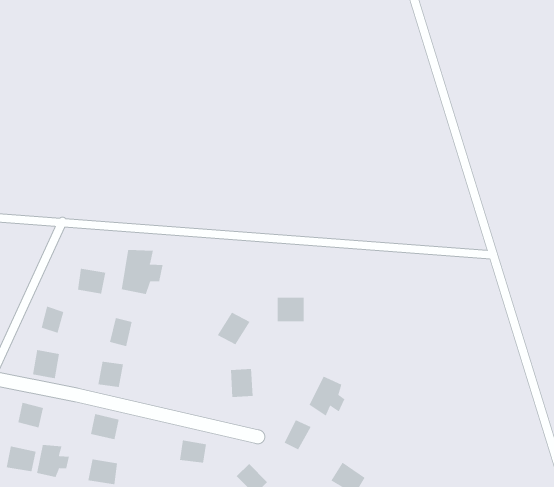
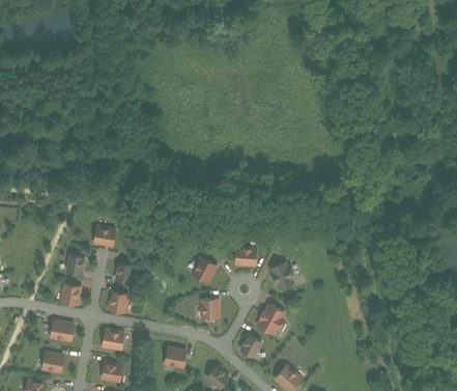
building: [121,249,163,295] -> none
building: none -> [270,261,293,288]
building: [36,444,70,478] -> none

